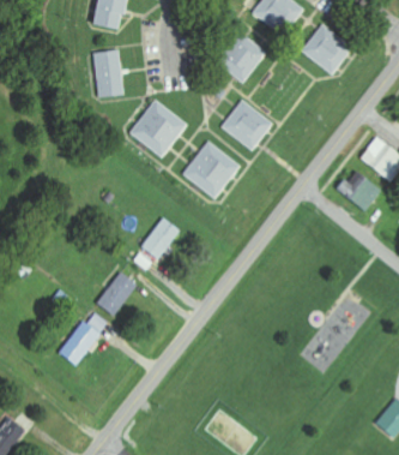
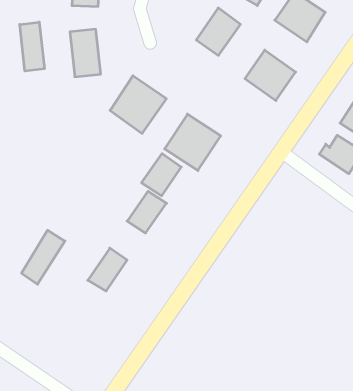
building: none -> [20,22,44,71]
building: [219,98,271,150] -> [245,50,296,101]
building: none -> [142,154,181,196]
building: [60,311,105,365] -> [22,230,65,284]

